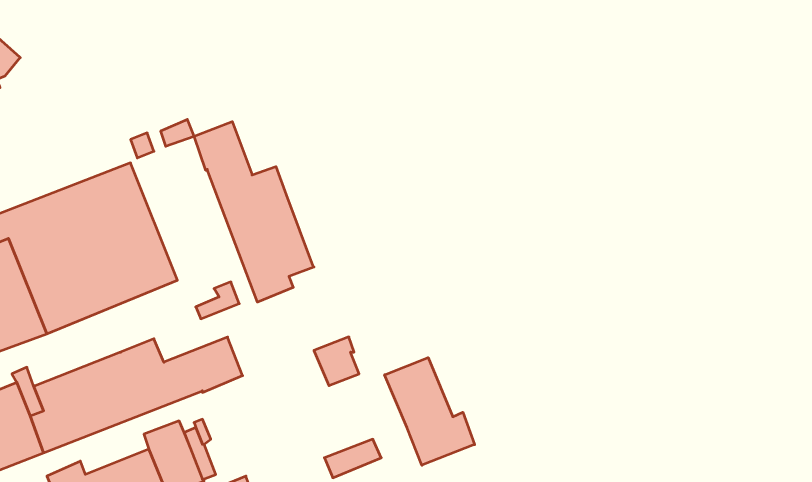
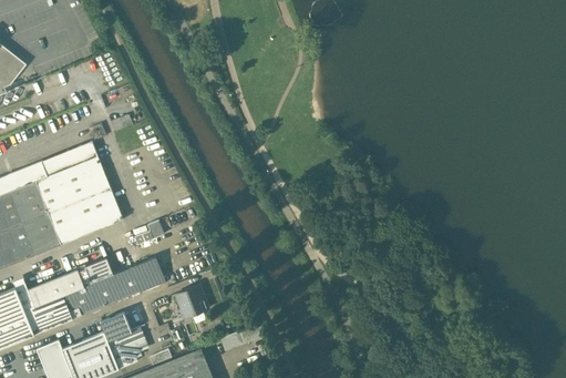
building: [194,122,314,302] -> none
building: [314,337,359,386] -> [176,285,206,317]
building: [385,358,475,465] -> none

